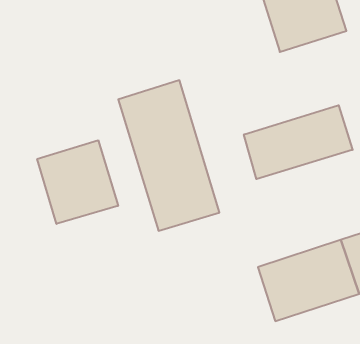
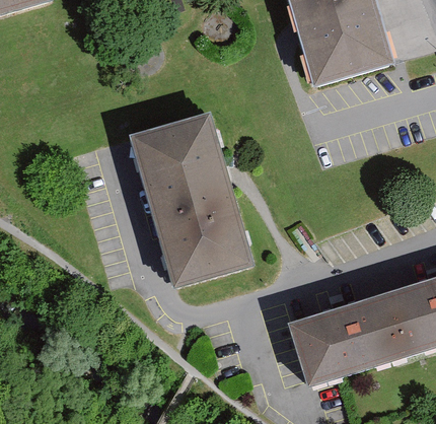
building: [244,105,353,179] -> none
building: [37,140,118,224] -> none

